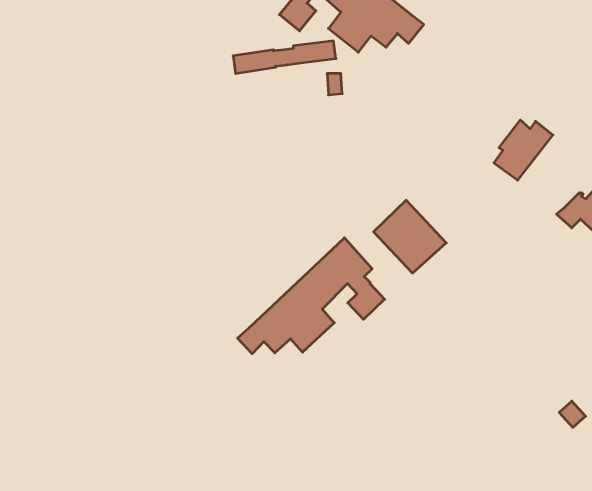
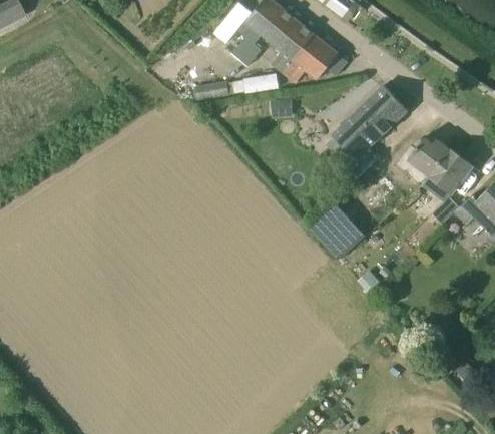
building: none -> [331,85,407,159]
building: none -> [422,149,472,224]
building: [238,238,385,354] -> none

